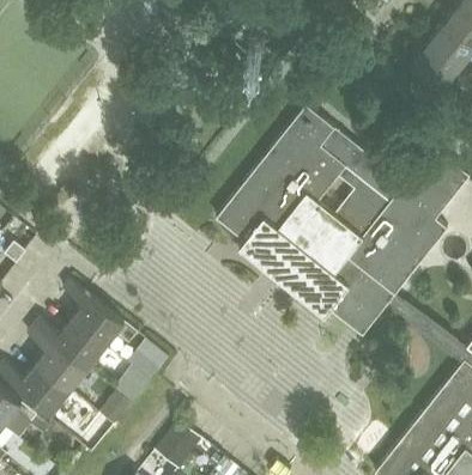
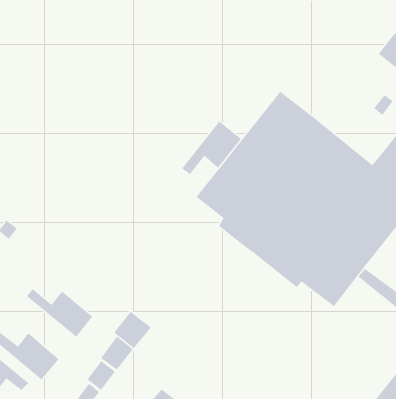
building: none -> [181,120,242,175]
building: [65,280,139,346] -> none
building: [29,324,89,391] -> none

